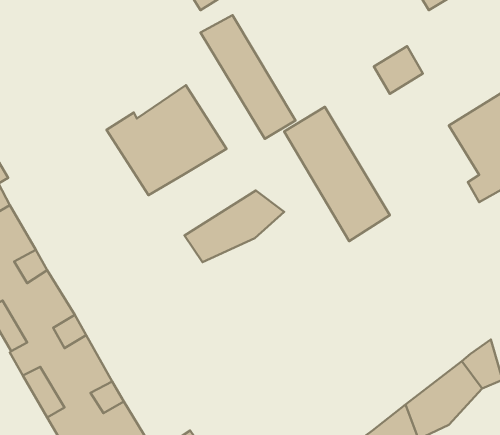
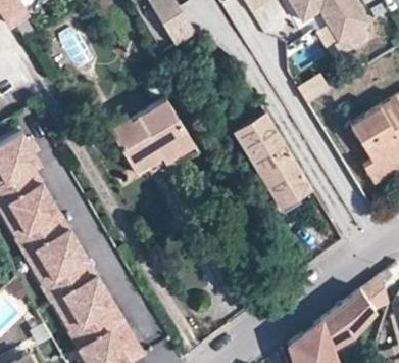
building: [201,15,296,139] -> none
building: [185,191,284,262] -> none

